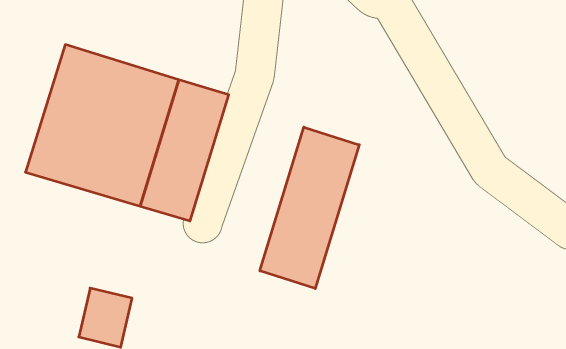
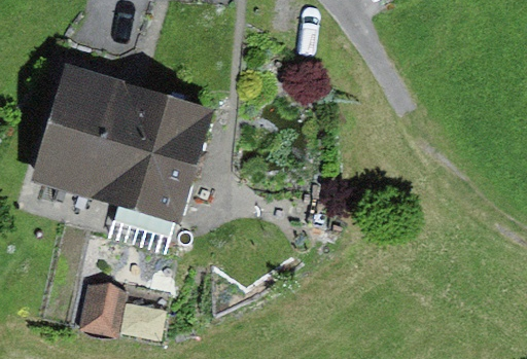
building: [260,127,359,289] -> none

